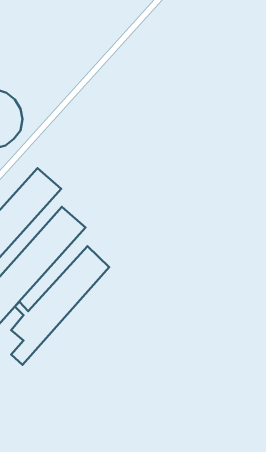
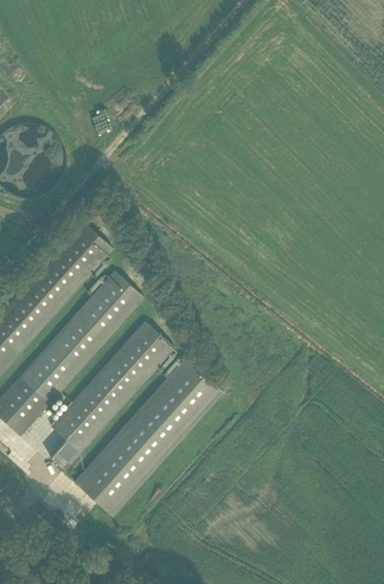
building: none -> [72,358,222,515]

